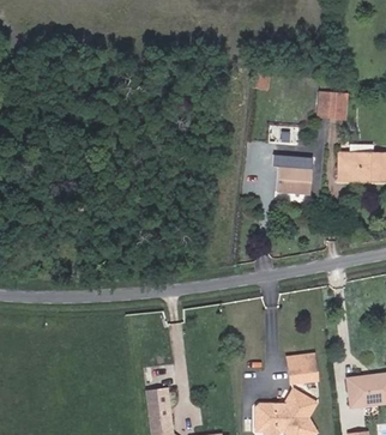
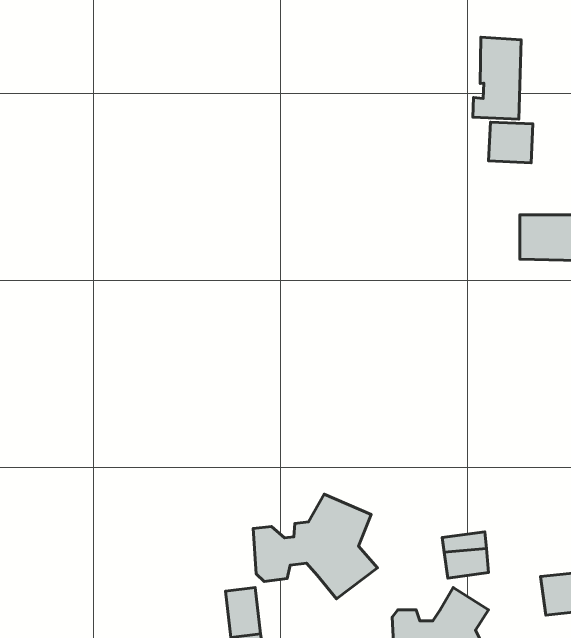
building: none -> [473,37,521,119]
building: [277,153,313,191] -> none
building: none -> [253,494,377,599]

